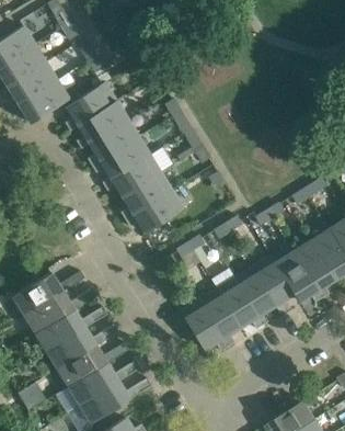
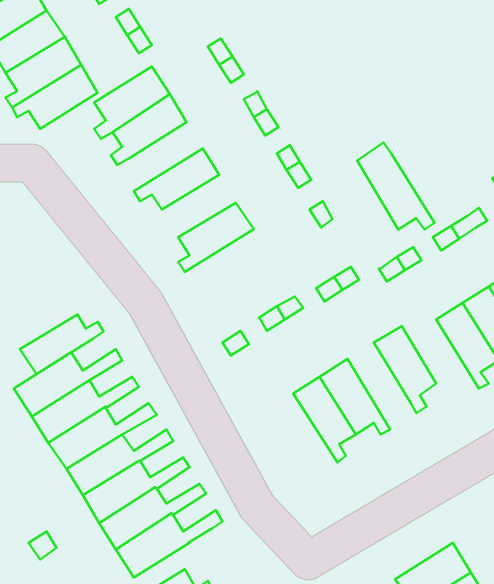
building: [88,120,138,166] -> none
building: [103,155,160,196] -> none
building: [126,191,183,234] -> none
building: [271,243,322,302] -> [357,142,434,230]
building: none -> [20,314,104,374]
building: [234,266,276,325] -> none
building: [180,300,228,351] -> none

